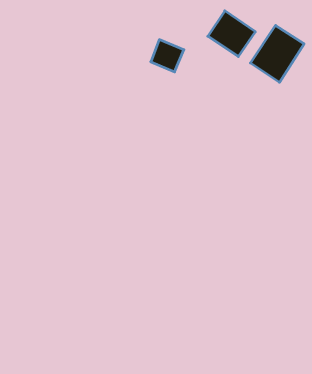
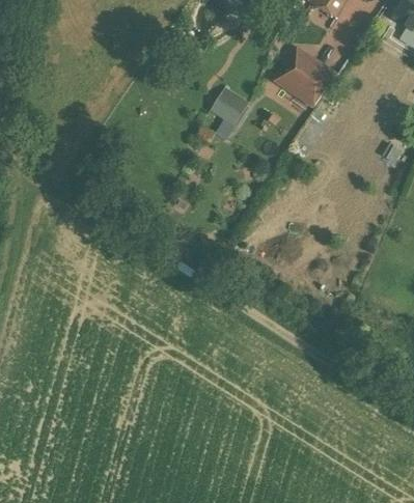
building: [250,25,304,82] -> none

